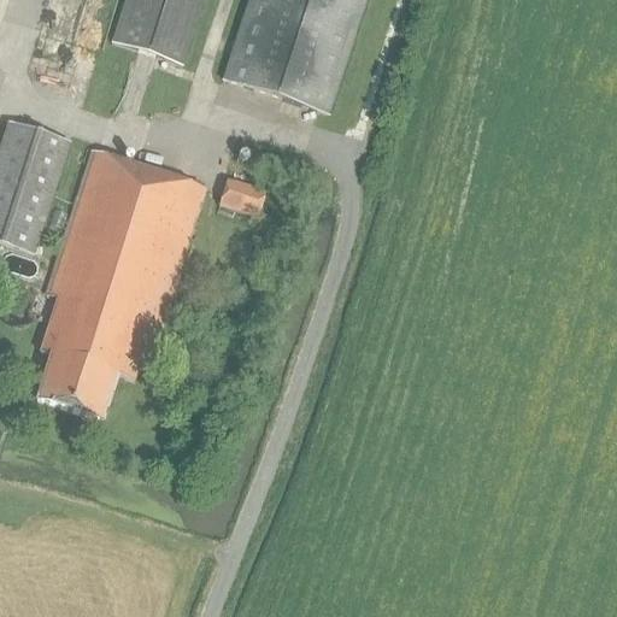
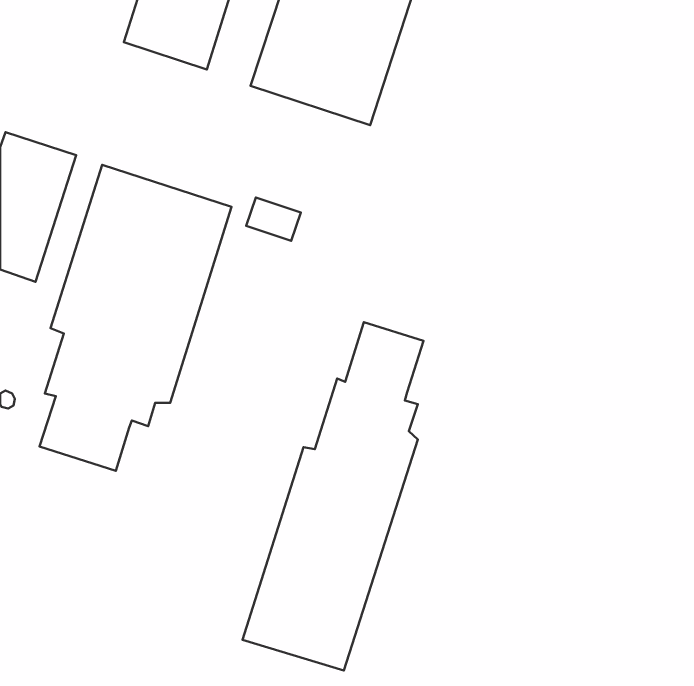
building: none -> [242,322,423,671]

